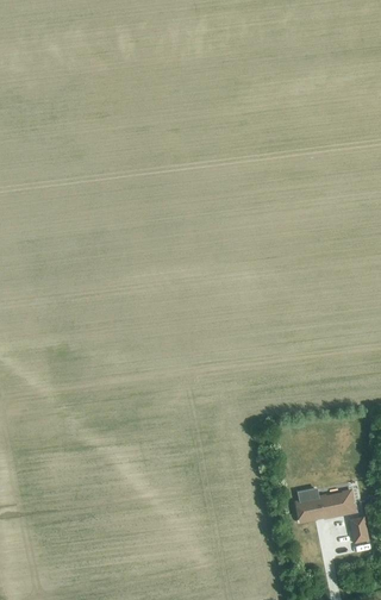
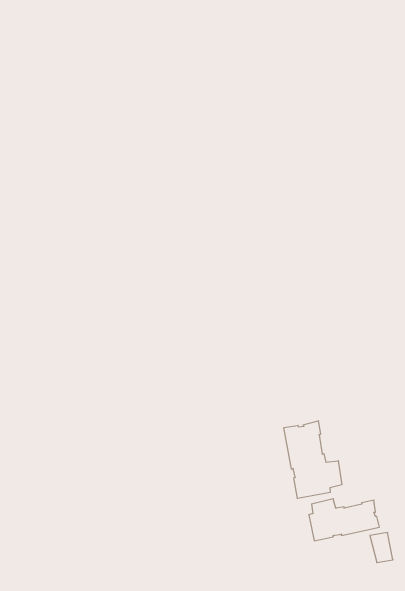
building: none -> [284,421,342,499]

